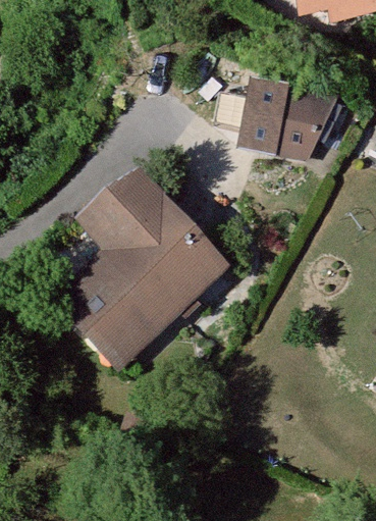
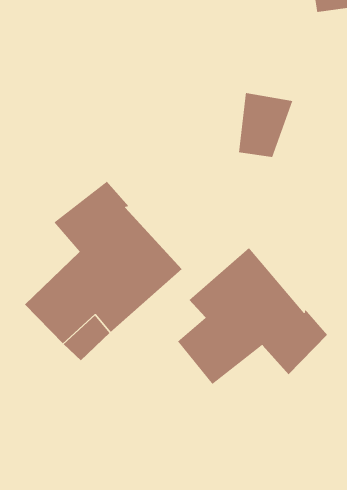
building: none -> [177,247,328,385]

